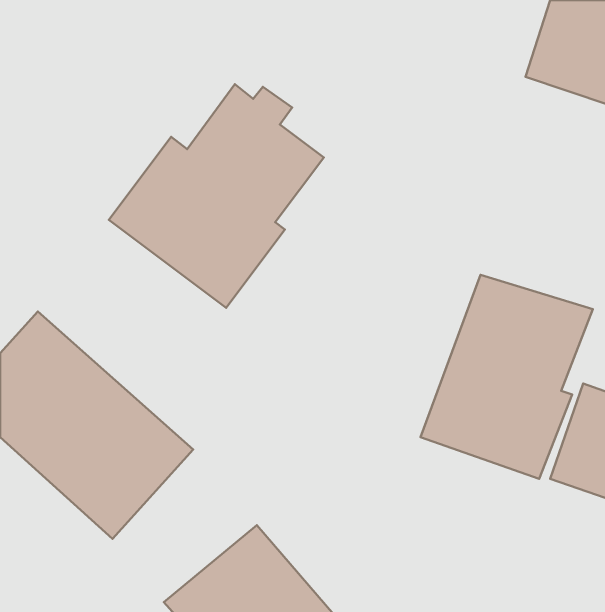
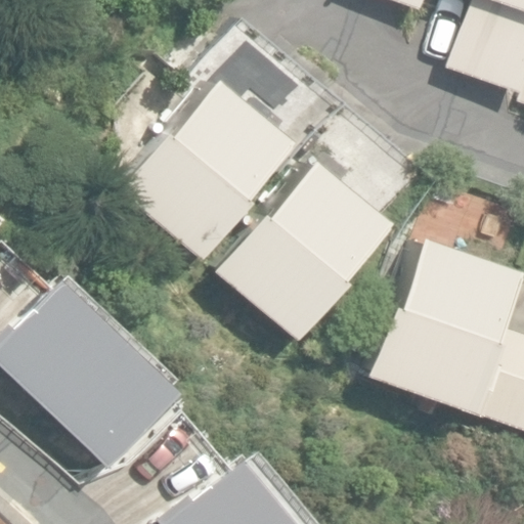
building: none -> [214,169,384,342]

